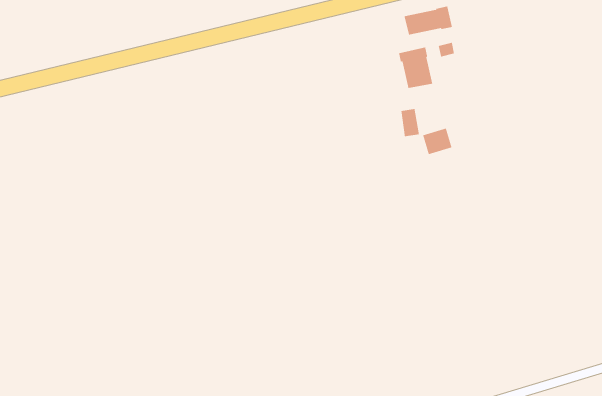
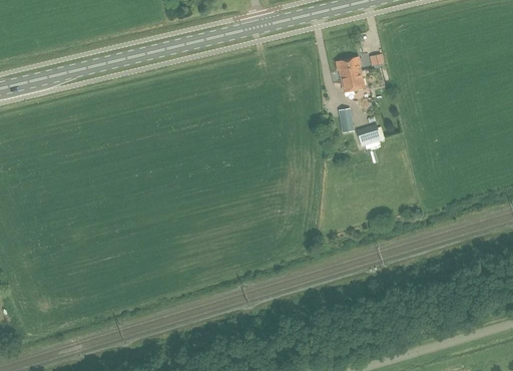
building: [403,6,453,36] -> none

